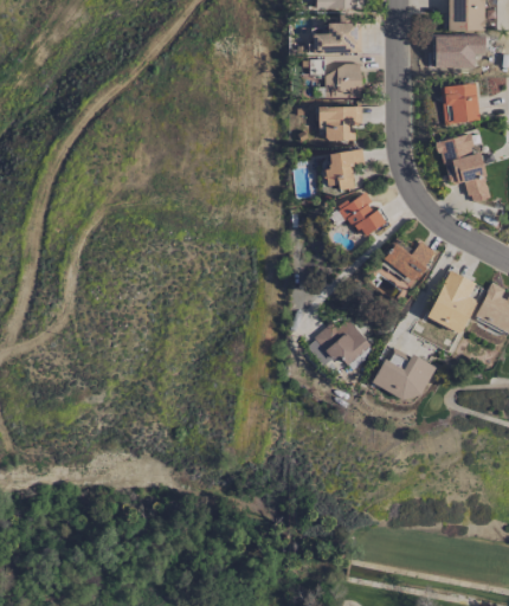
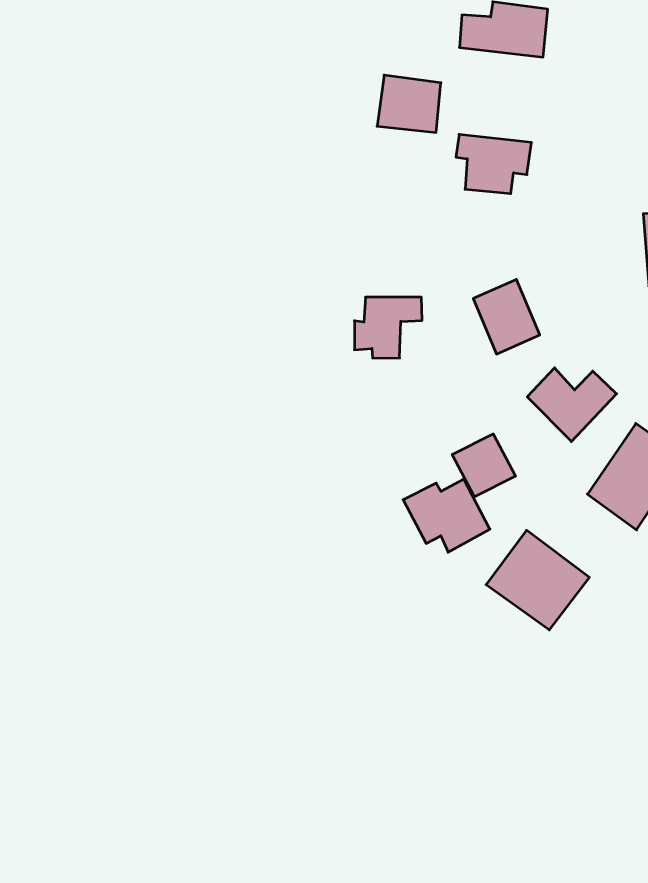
building: [326,66,362,98] -> [377,75,441,132]
building: [324,149,366,191] -> [354,297,422,358]
building: none -> [452,434,515,497]

